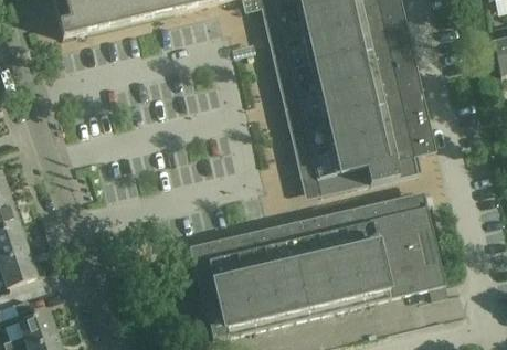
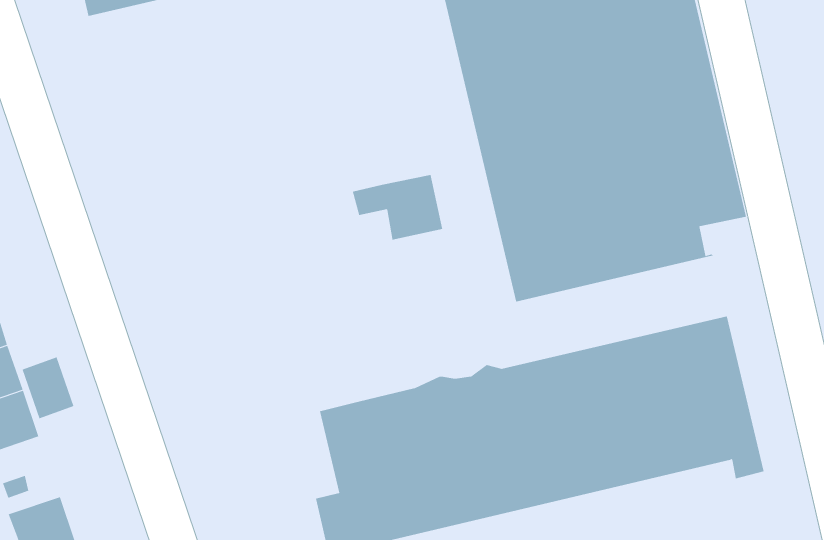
building: none -> [352,174,443,241]
building: none -> [22,356,74,419]

